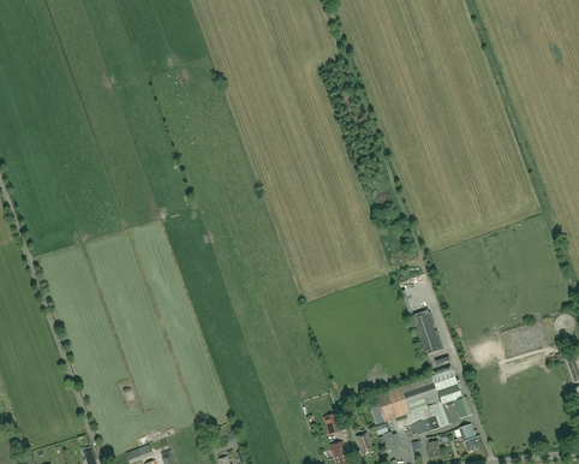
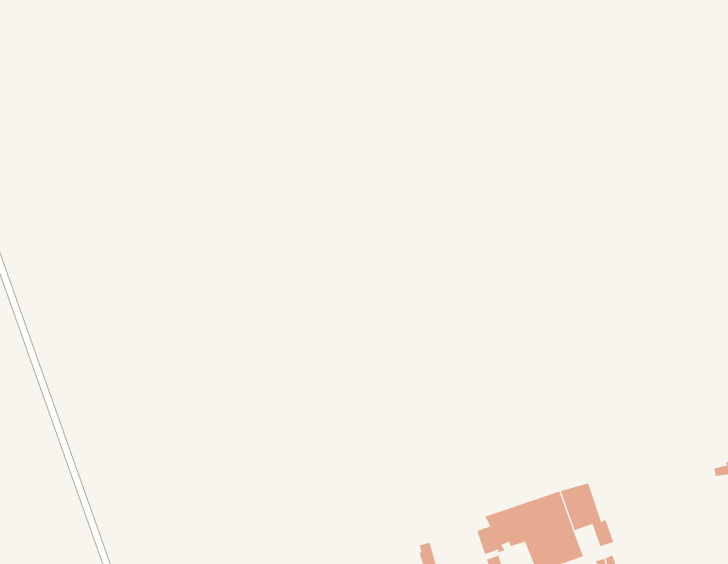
building: [412,313,441,355] -> none

